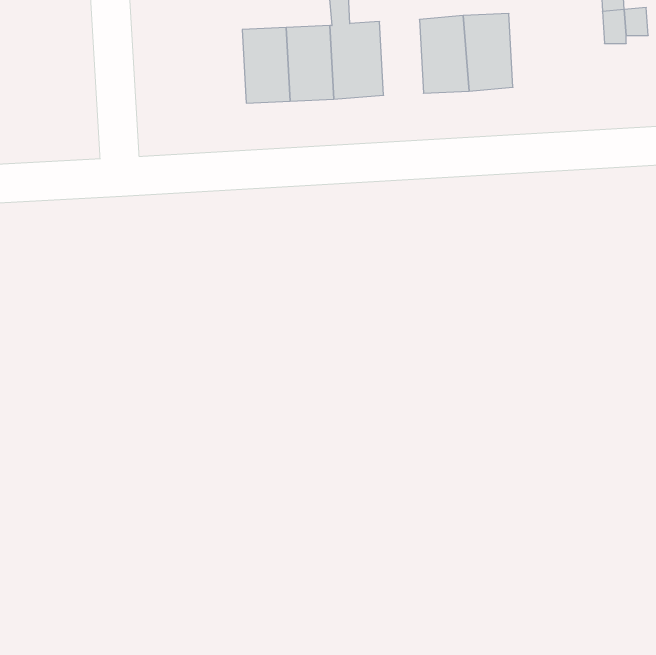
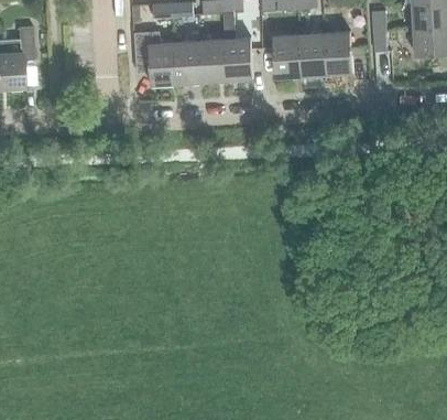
building: none -> [321,31,351,74]
building: none -> [133,32,176,85]

